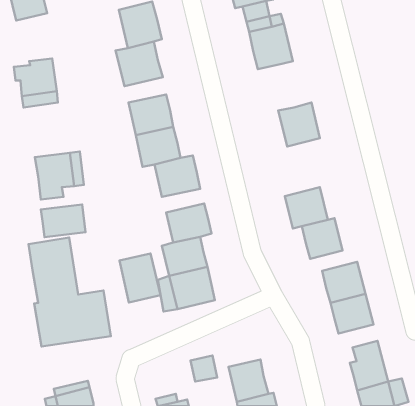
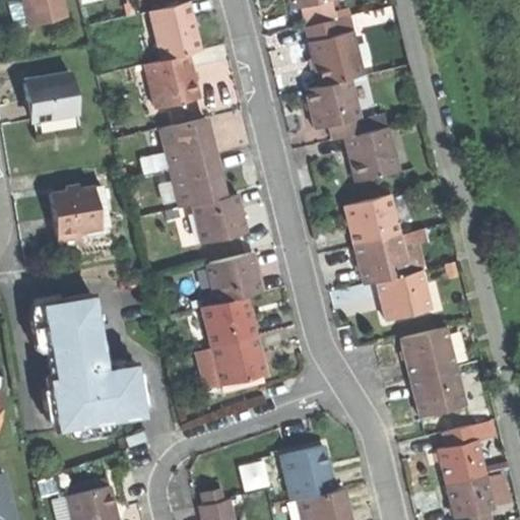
building: none -> [308,79,367,141]
building: none -> [345,194,399,245]
building: [41,204,86,237] -> none
building: [119,254,161,302] -> none

